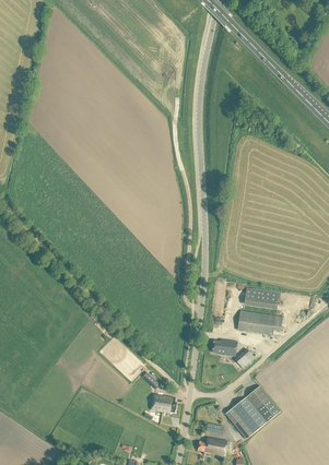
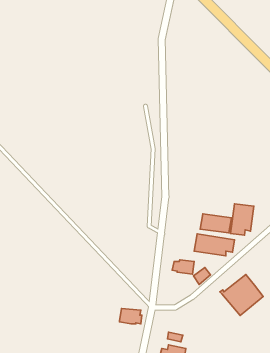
building: none -> [231,204,254,235]
building: [230,386,279,433] -> [220,275,263,316]

